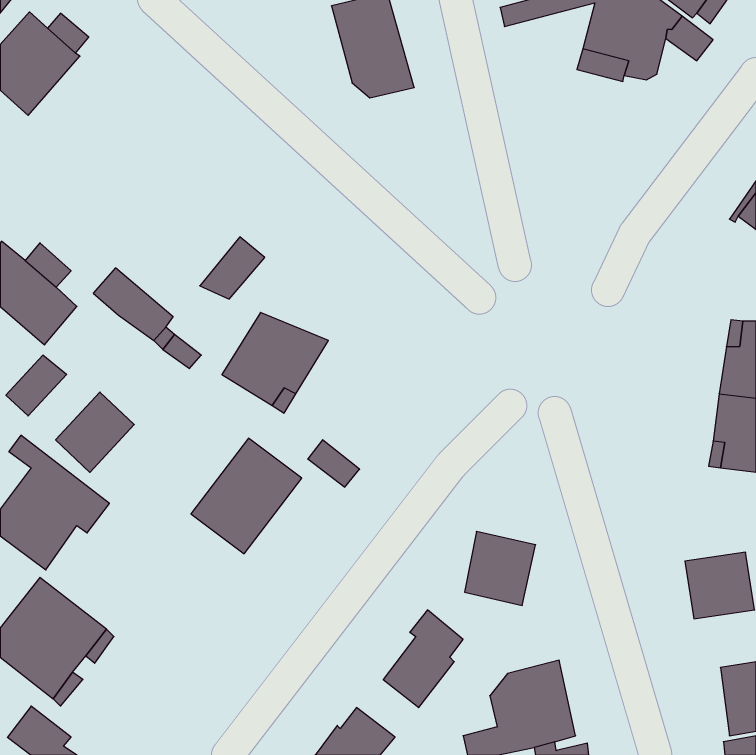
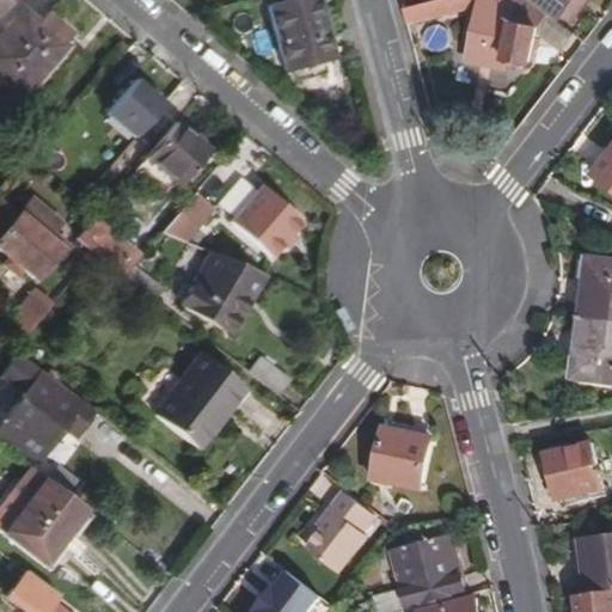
building: none -> [108,78,165,135]
building: none -> [146,121,209,185]
building: none -> [232,186,304,257]
building: [56,392,134,472] -> none

